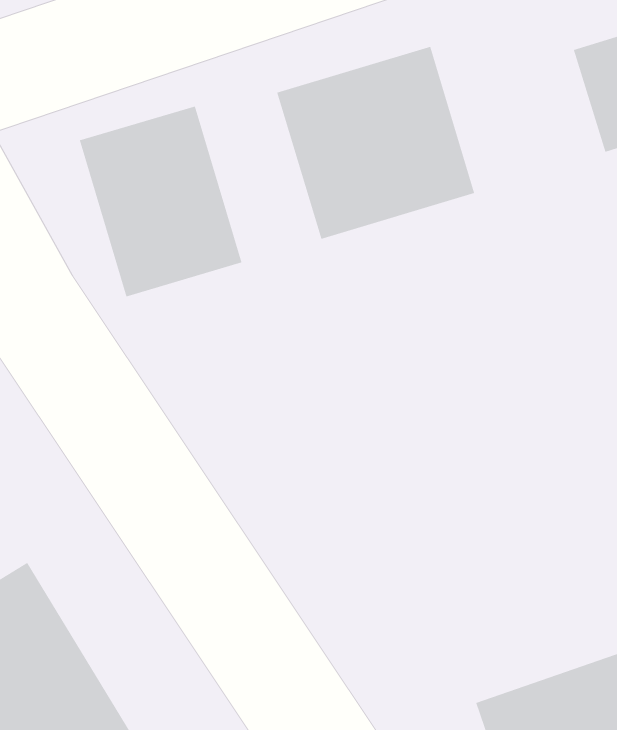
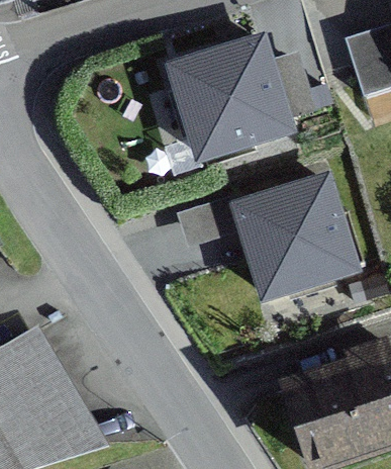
building: [79,105,242,297] -> none
building: none -> [239,173,352,285]

